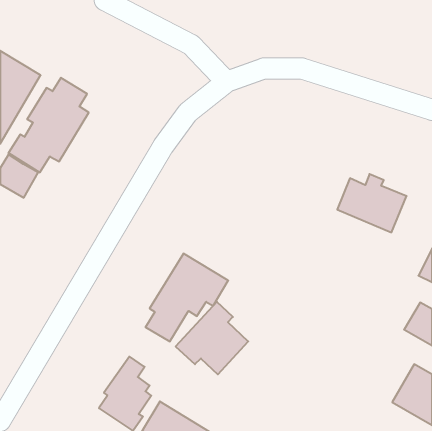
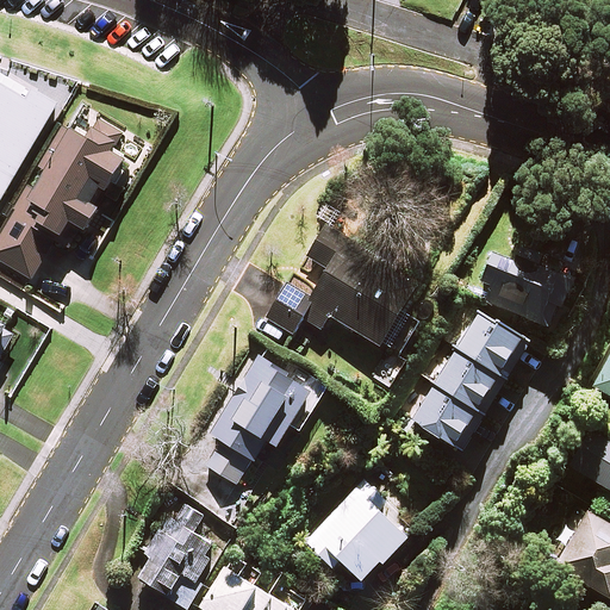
building: none -> [267,226,413,347]
building: none -> [412,310,522,446]
building: [176,302,248,374] -> [306,480,409,583]

